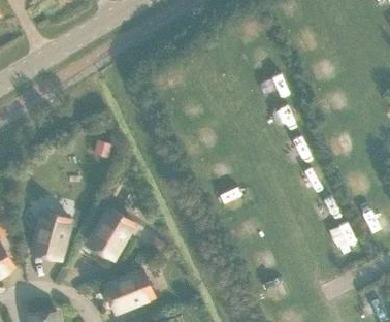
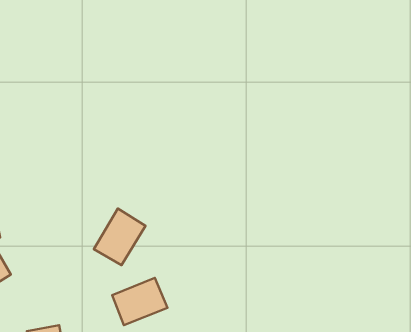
building: [31,210,70,258] -> none

